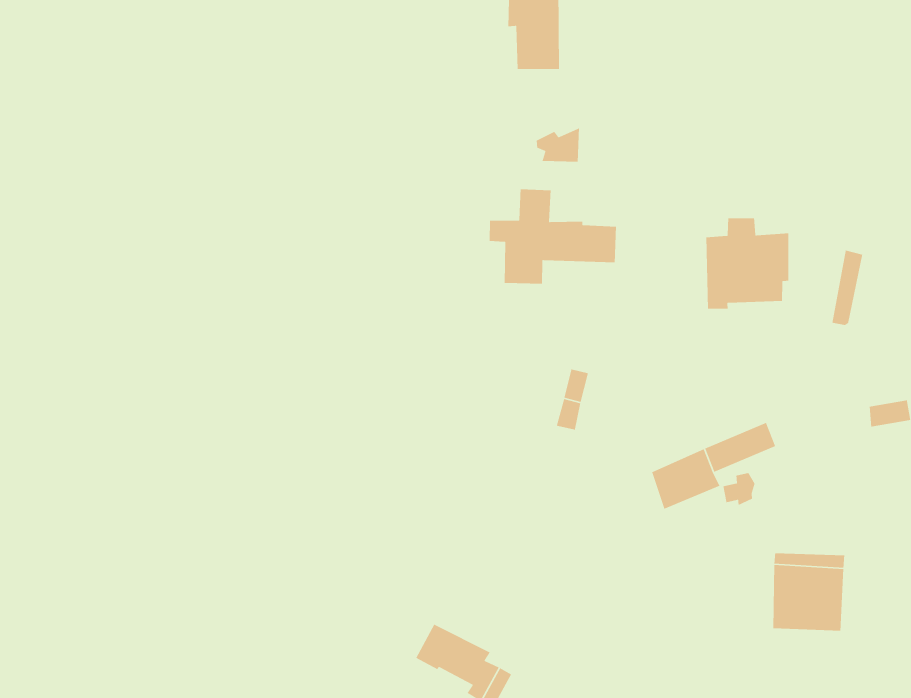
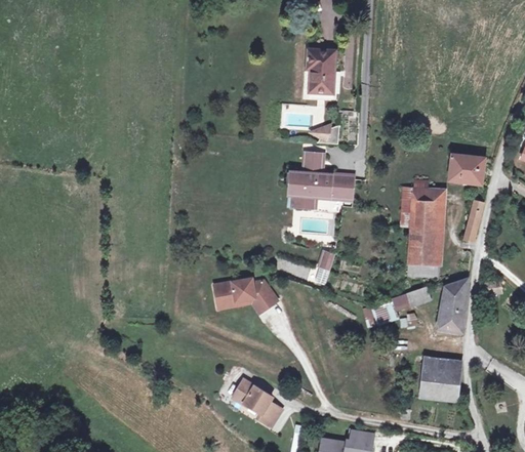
building: none -> [448,154,485,183]
building: none -> [407,224,439,277]
building: none -> [437,279,468,333]
building: none -> [213,279,277,311]

